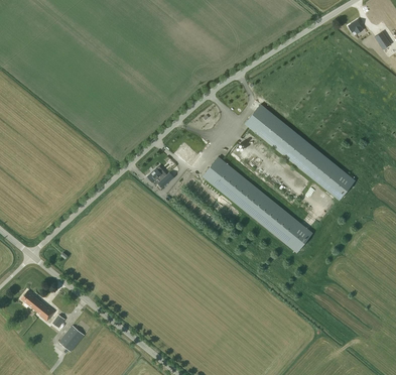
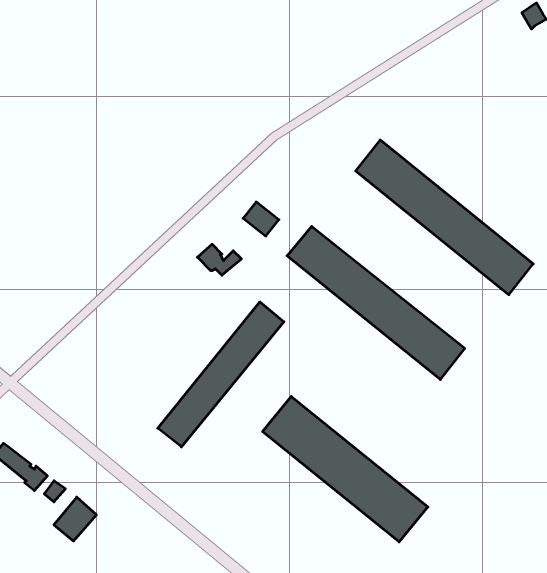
building: none -> [158,302,284,447]
building: none -> [263,396,428,542]

